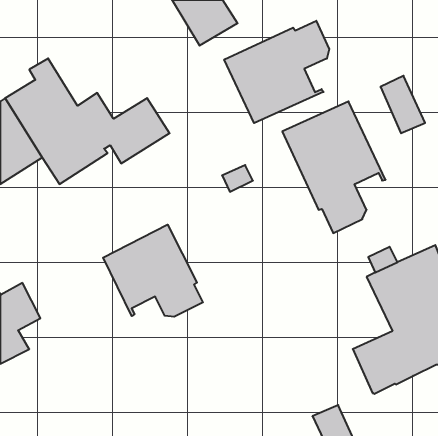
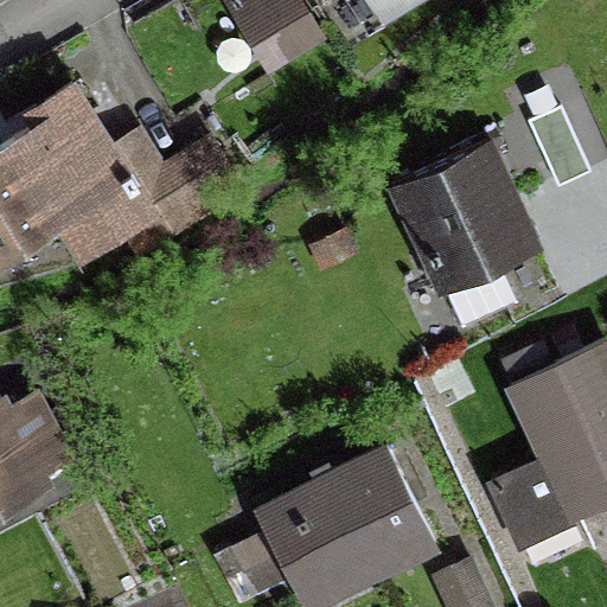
building: [224,21,329,123] -> none
building: [103,225,203,317] -> none
building: none -> [212,449,433,598]

